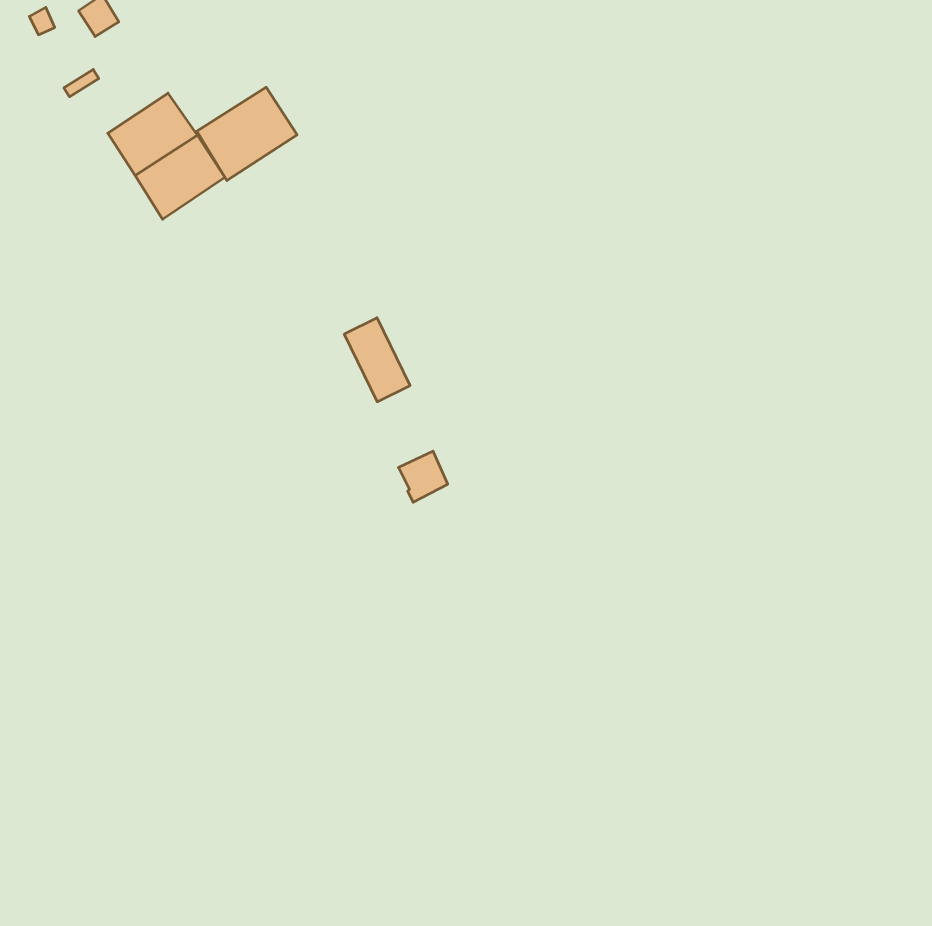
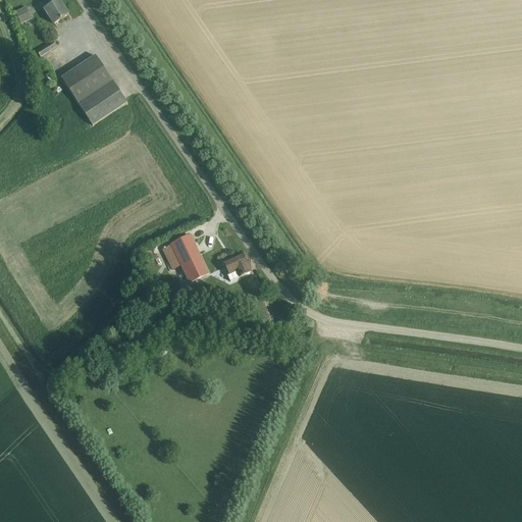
building: [197,87,297,181] -> none
building: [344,318,410,402] -> [170,234,207,281]

